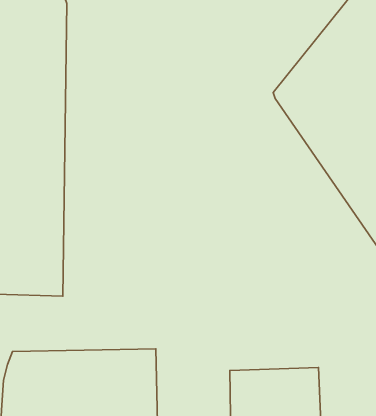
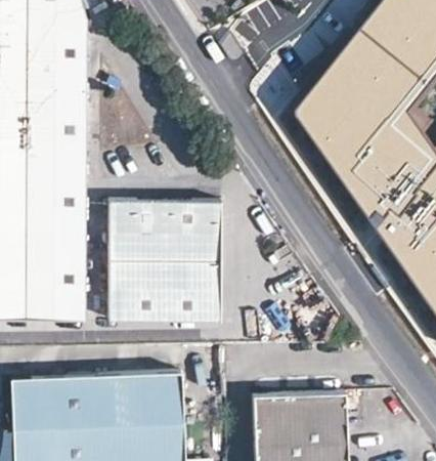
building: none -> [110,200,218,322]

